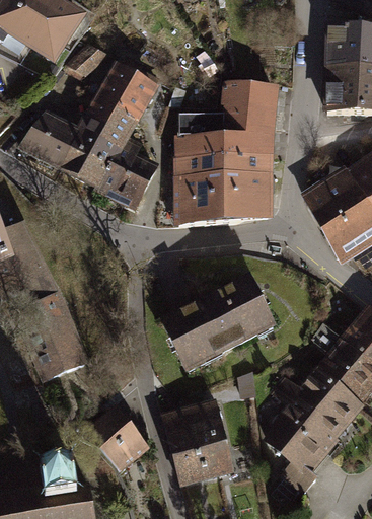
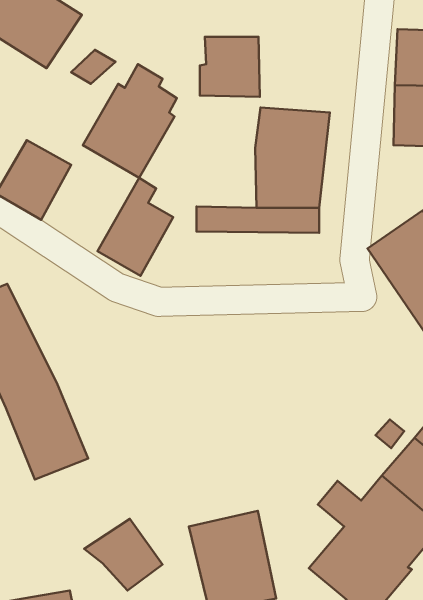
building: [51,114,127,196] -> none
building: [171,116,218,162] -> [200,37,260,97]
building: [171,180,267,224] -> none
building: [162,278,278,374] -> none

